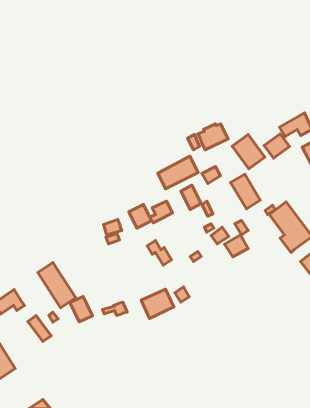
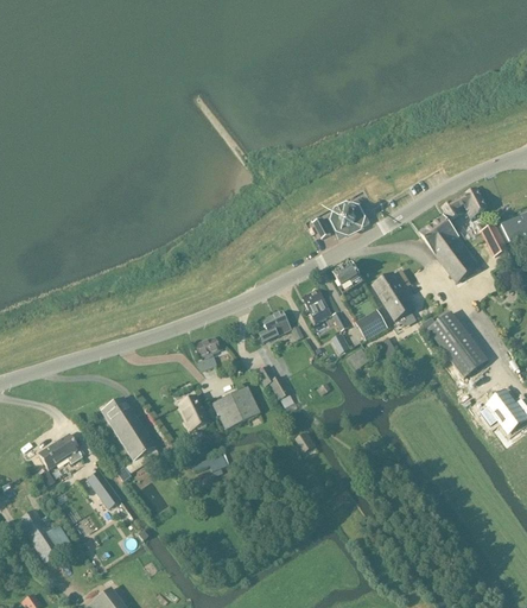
building: [232,134,265,169] -> [433,233,480,281]
building: [158,156,198,189] -> none
building: [129,204,152,228] -> none
building: [225,235,248,257] -> [355,309,388,340]
building: [141,289,174,319] -> [212,388,259,430]
building: [70,296,93,322] -> [177,395,209,431]

